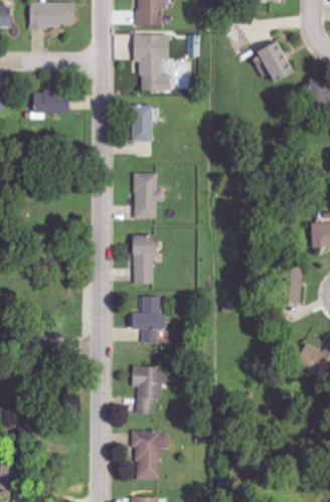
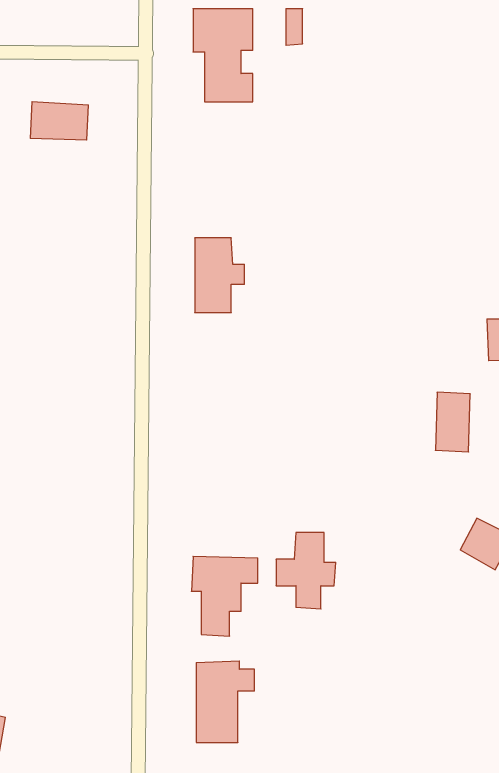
building: [256,39,293,85] -> none
building: [131,105,152,143] -> none
building: [133,235,154,284] -> none
building: [131,297,167,343] -> [276,533,336,609]

